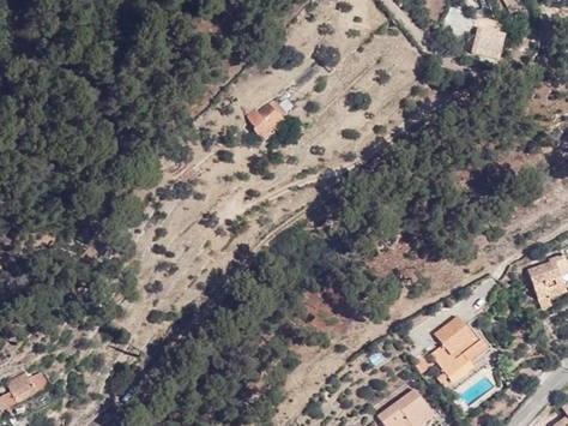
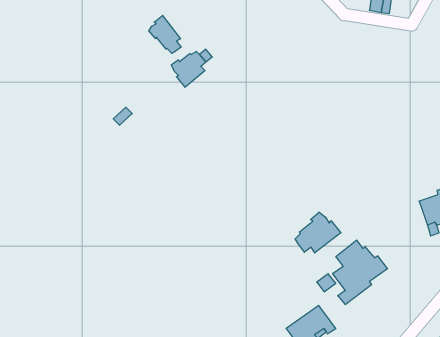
building: none -> [149,15,181,53]
building: none -> [295,212,341,253]

